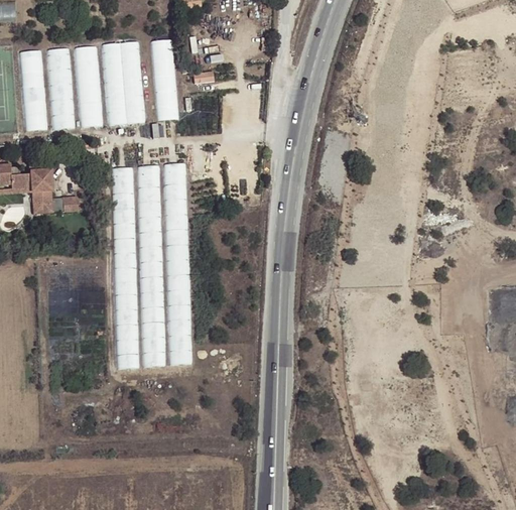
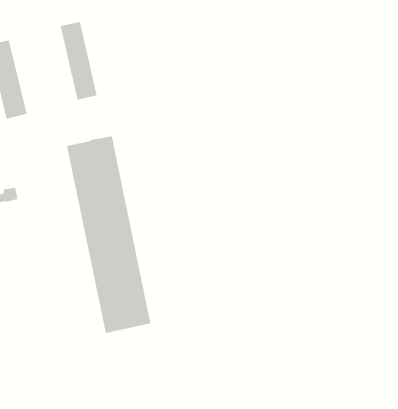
building: [101,41,144,125] -> none
building: [112,167,139,368] -> none

